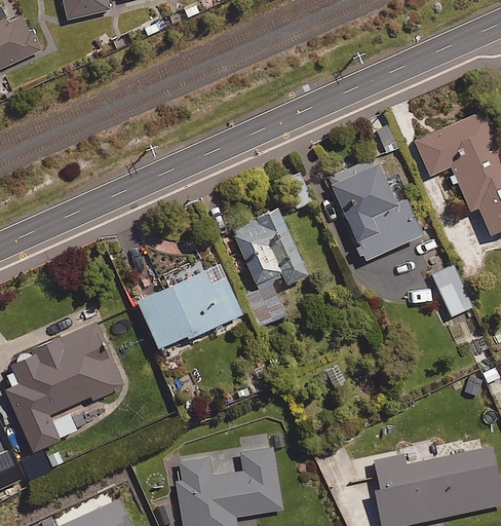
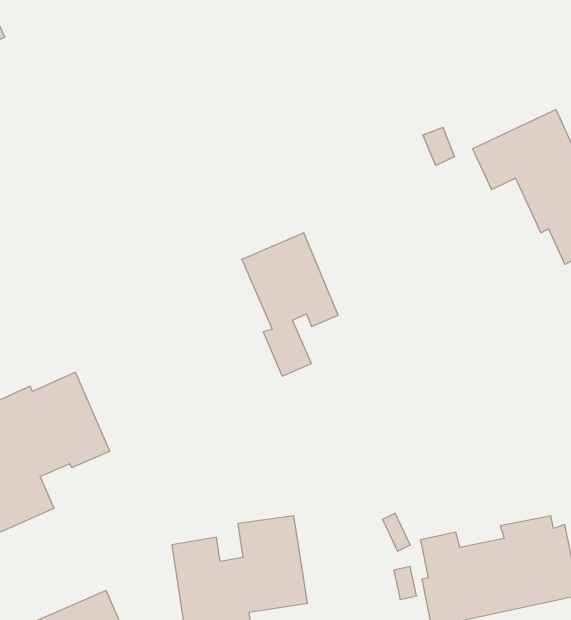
building: [330,159,421,260] -> none
building: [433,265,471,315] -> none
building: [137,271,241,349] -> none

